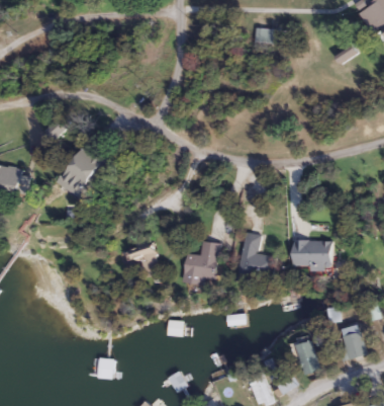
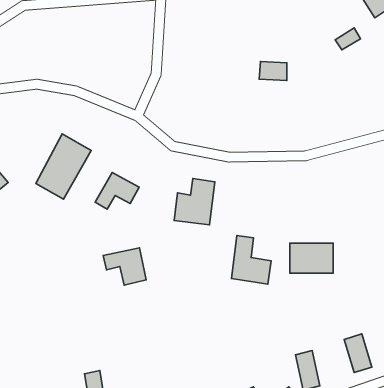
building: [252,27,277,45] -> [259,62,287,80]
building: none -> [95,172,139,209]
building: [182,240,219,282] -> [174,178,215,225]

